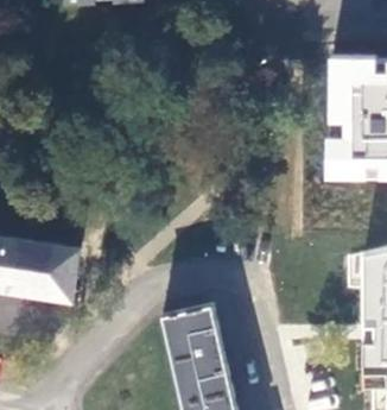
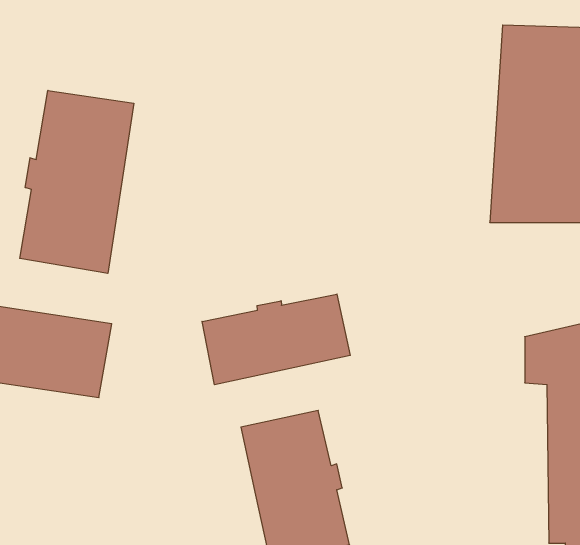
building: none -> [20,90,134,273]
building: none -> [202,294,350,385]

